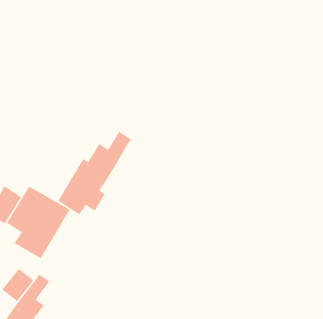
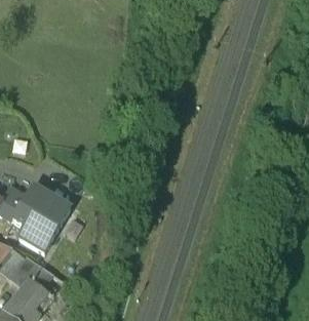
building: [57,131,132,215] -> none

